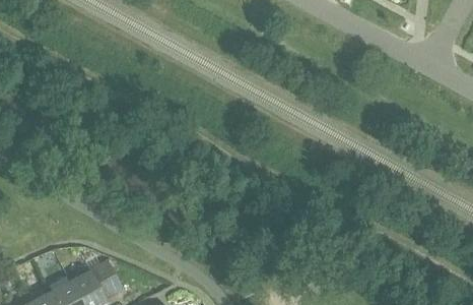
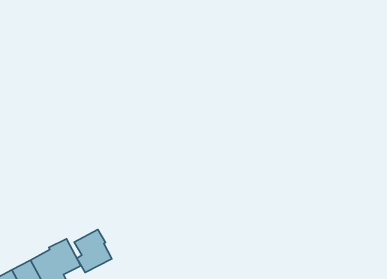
building: none -> [74,229,112,273]

